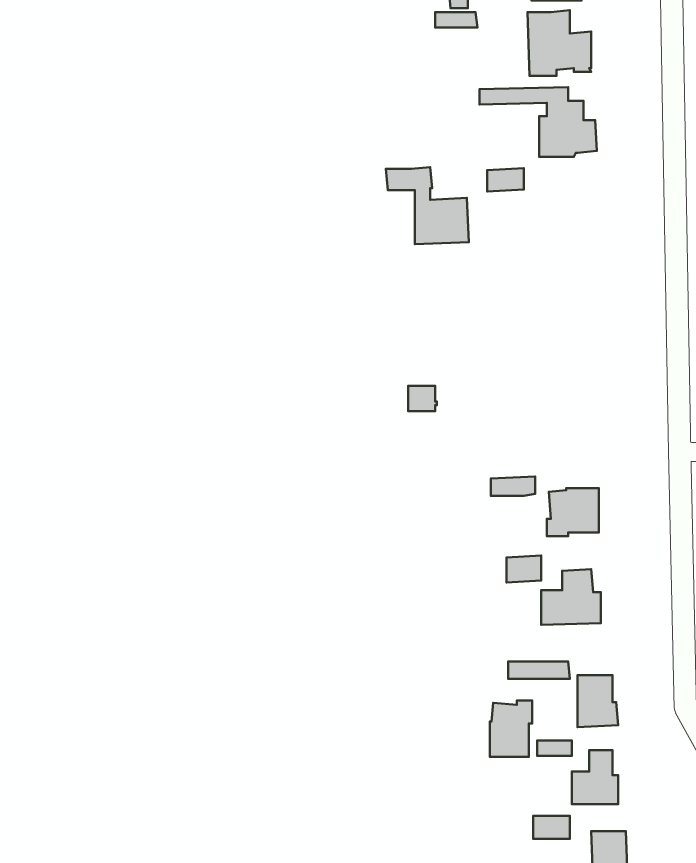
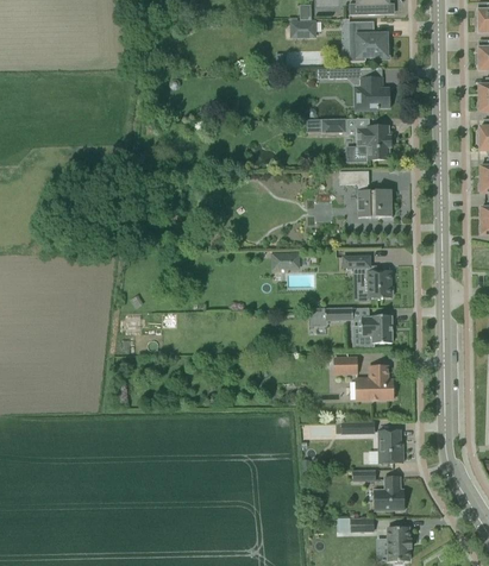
building: [386,167,469,244] -> [340,170,391,218]
building: none -> [353,126,390,161]
building: none -> [343,256,391,301]
building: [490,701,532,757] -> none

